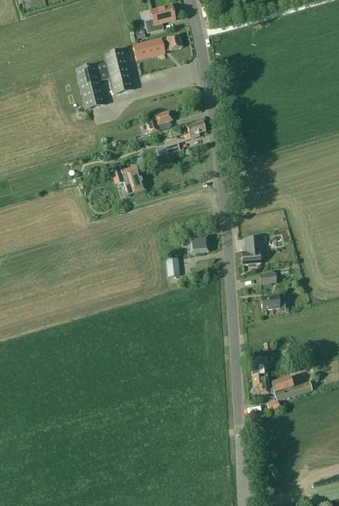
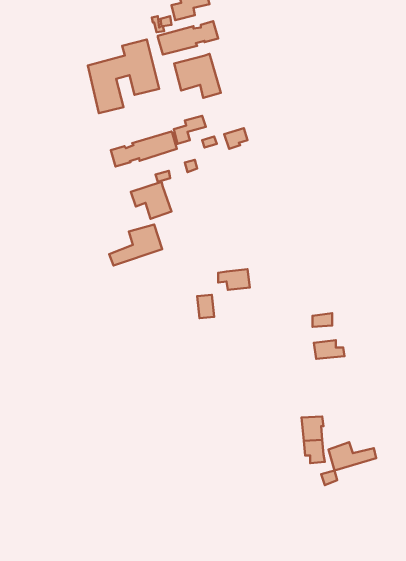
building: none -> [174,54,221,98]
building: none -> [111,131,177,167]
building: none -> [109,224,162,265]
building: [241,236,264,264] -> none

